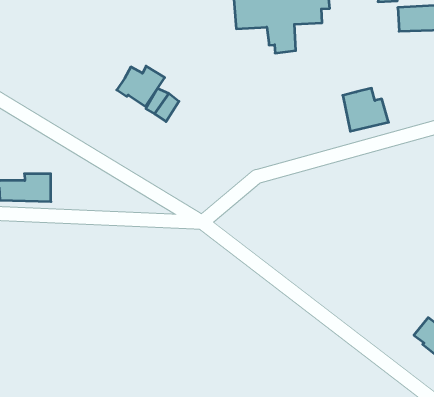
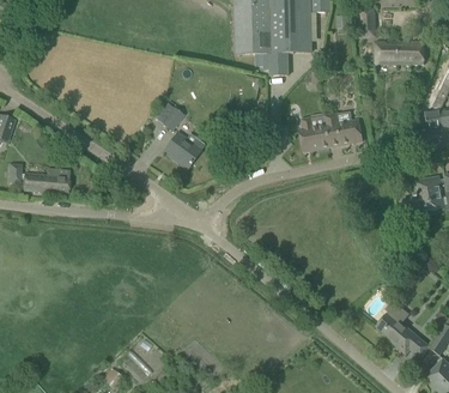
building: [117,66,165,106] -> [163,132,205,167]
building: none -> [299,113,329,151]

